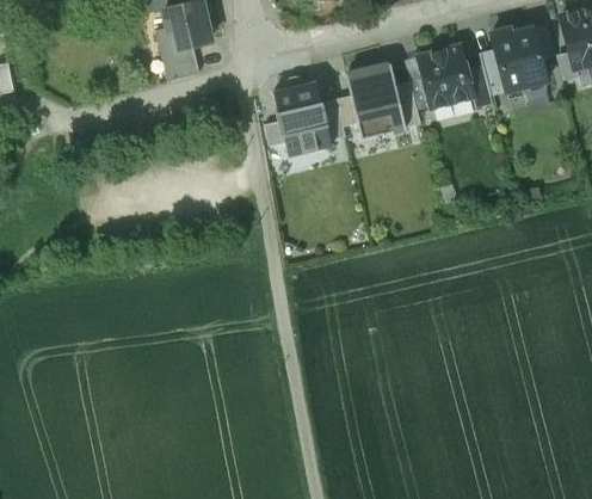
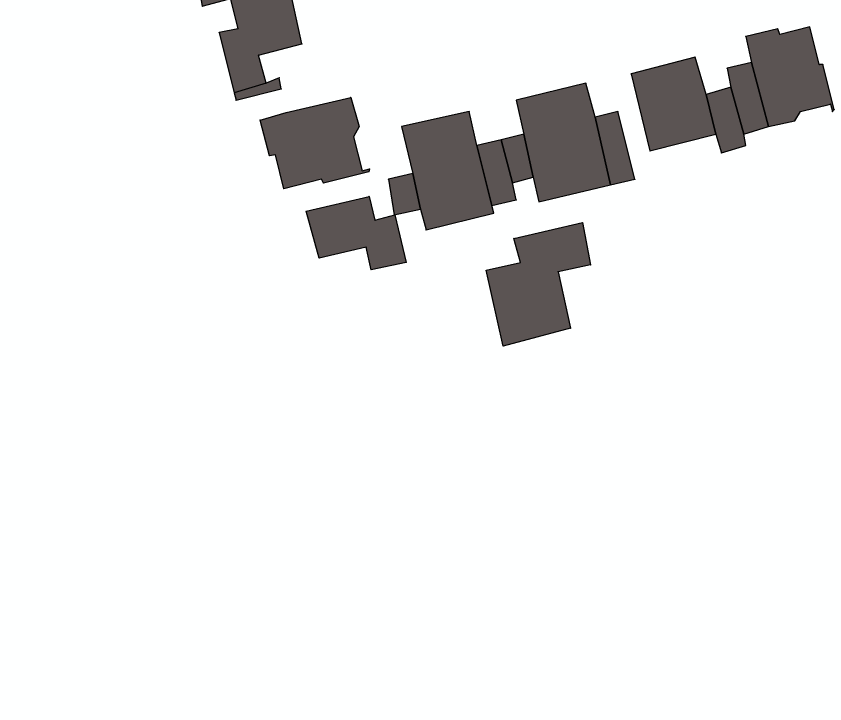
building: none -> [260,97,370,189]
building: none -> [306,196,406,270]
building: none -> [486,223,591,346]

